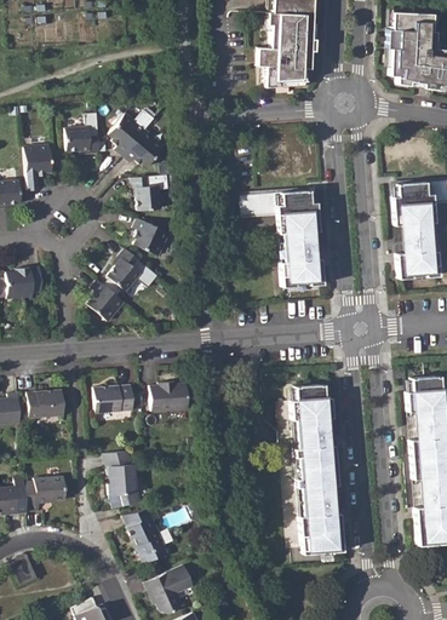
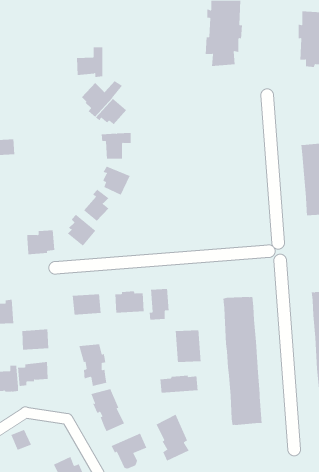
building: [65,111,101,151] -> [76,47,103,77]
building: [25,143,53,177] -> none
building: [242,193,323,291] -> none
building: [7,266,45,299] -> [27,230,55,255]
building: none -> [149,288,169,320]
building: [27,389,63,417] -> [21,329,49,350]
building: none -> [175,330,201,363]
building: none -> [160,375,198,393]
building: none -> [156,414,189,461]

